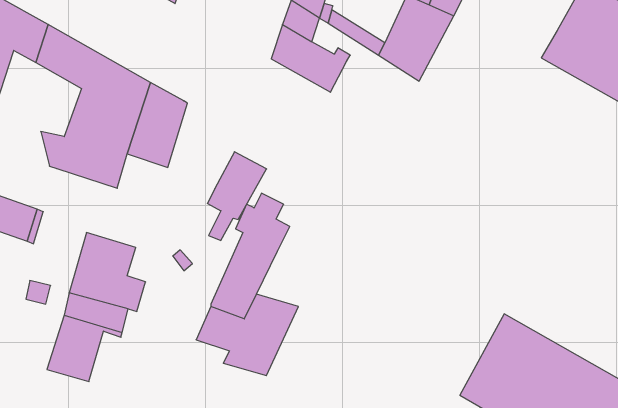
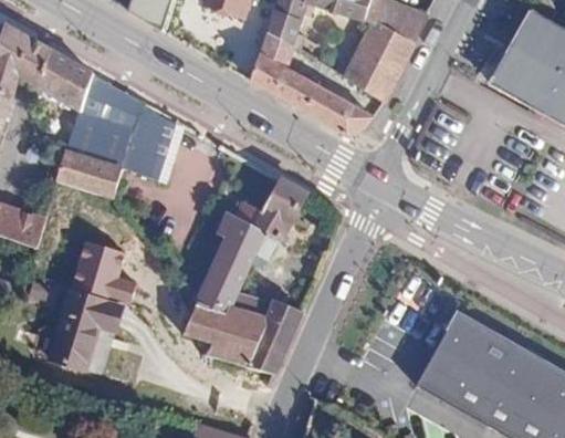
building: none -> [303,83,373,135]
building: [207,152,267,240] -> [254,178,307,258]
building: none -> [245,299,303,374]

